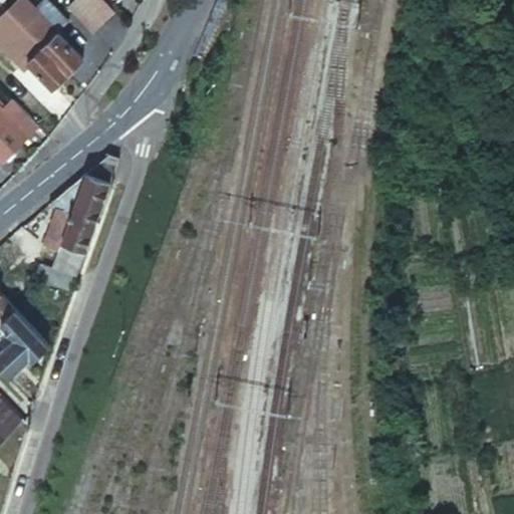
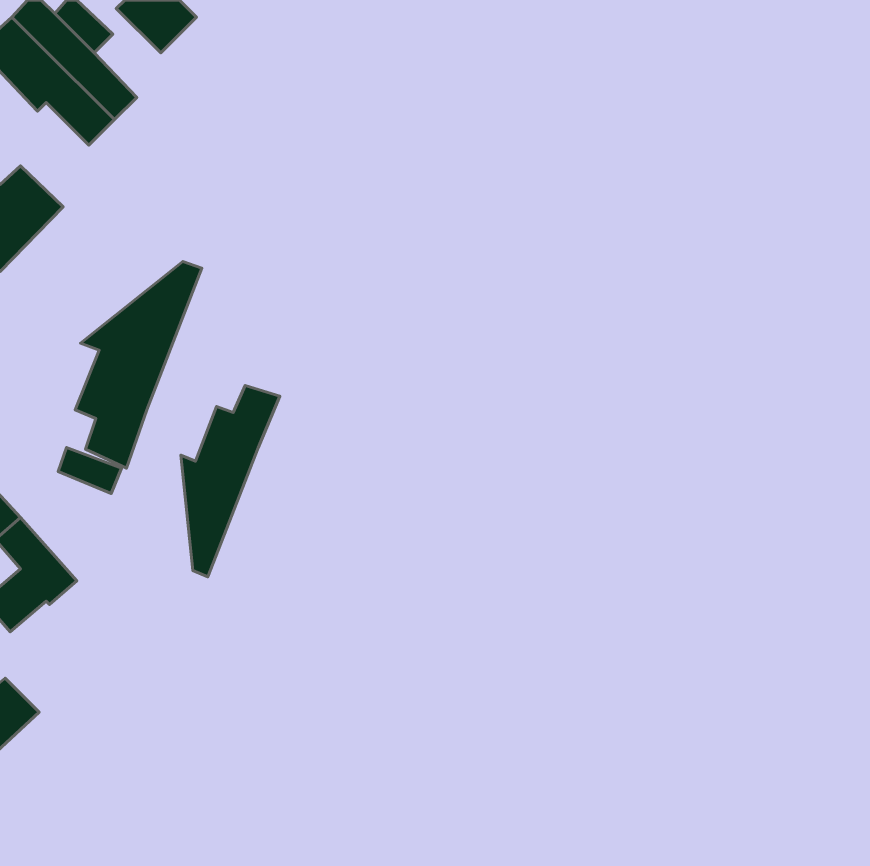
building: none -> [181,385,280,577]

